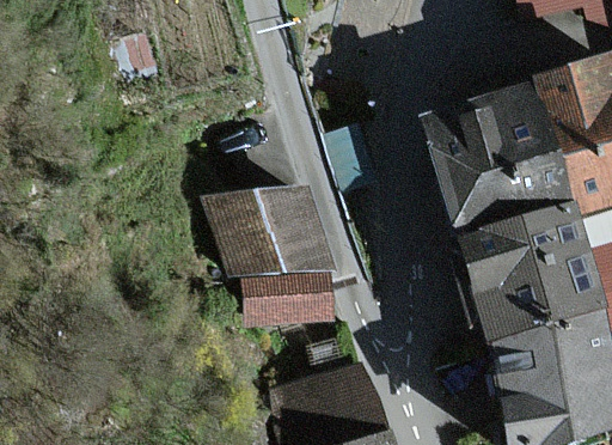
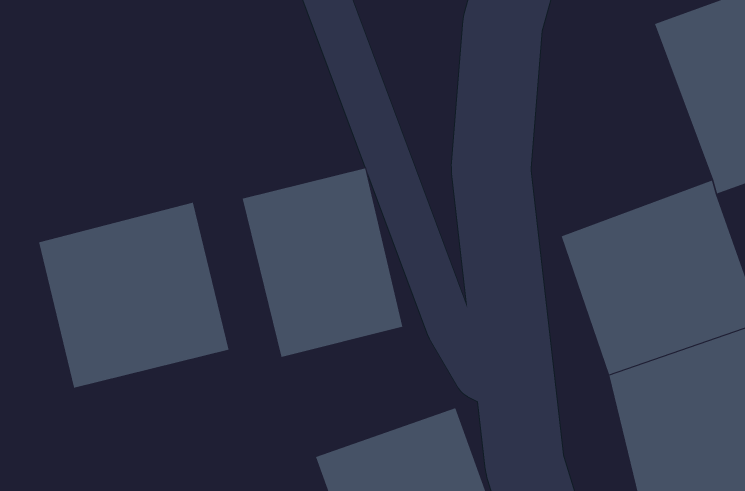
building: [420,90,573,244] -> none
building: none -> [38,202,229,388]

